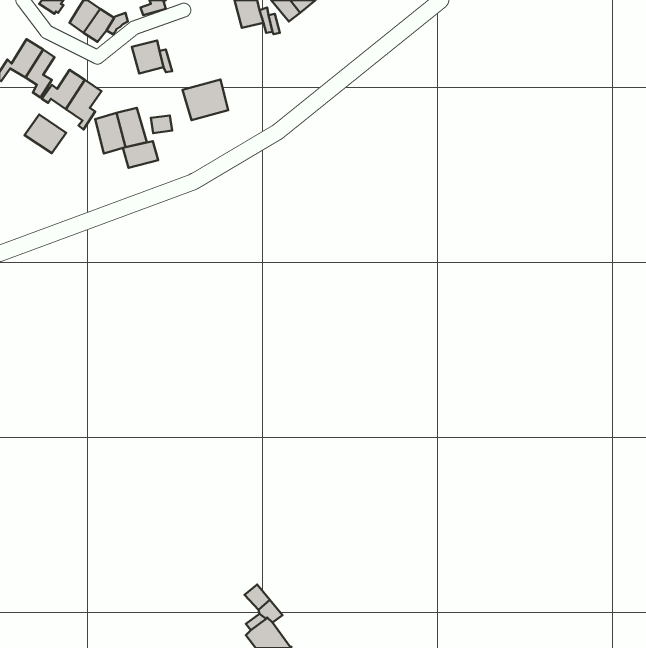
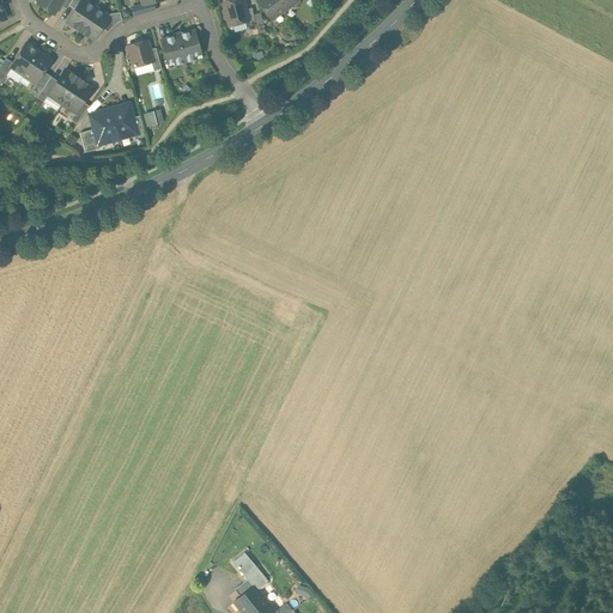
building: [182,80,228,120] -> [159,28,202,66]
building: [25,115,66,153] -> none
building: [123,141,158,168] -> none

